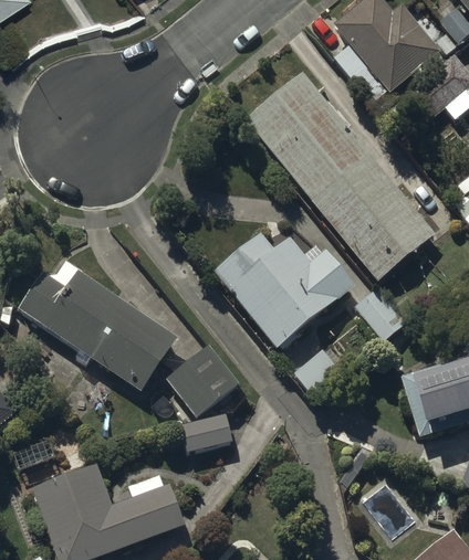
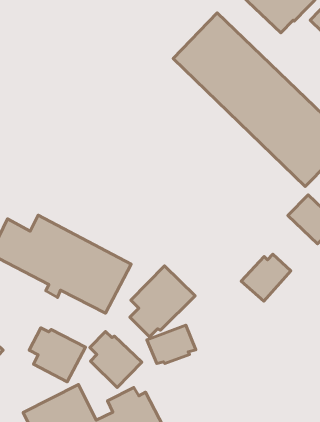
building: [213,233,356,349] -> none
building: none -> [29,328,86,382]
building: none -> [90,331,142,387]

